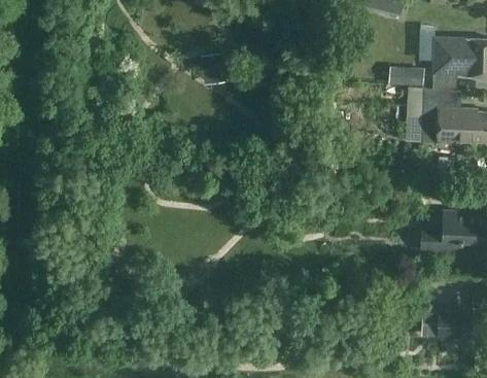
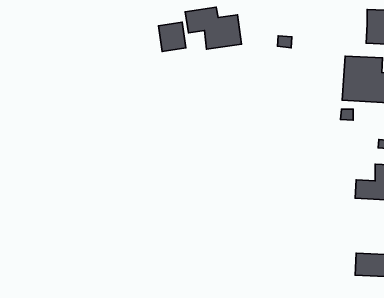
building: none -> [185,7,241,49]
building: [389,68,423,85] -> none

